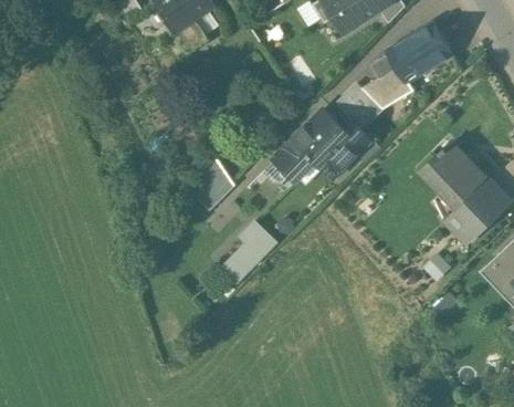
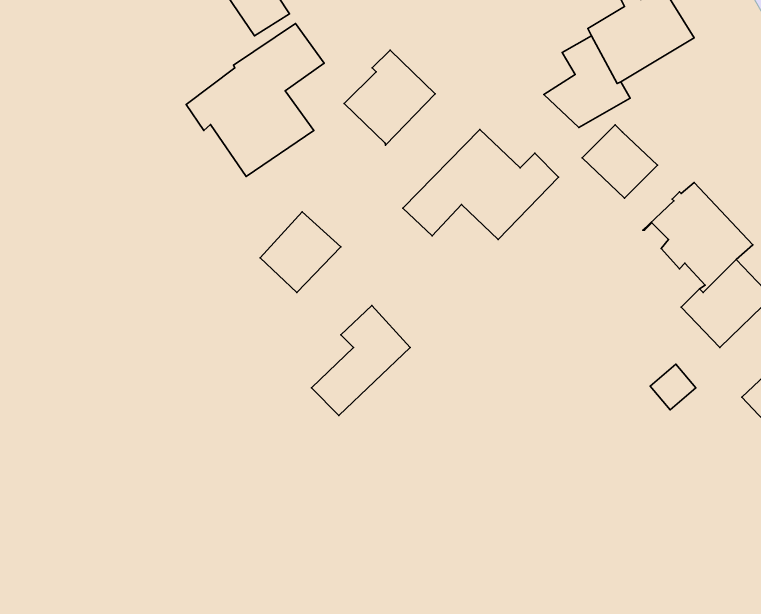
building: none -> [186,23,324,176]
building: none -> [344,50,435,145]
building: [337,84,382,128] -> [582,125,657,198]

